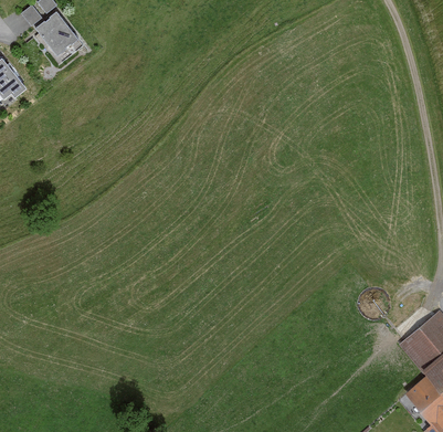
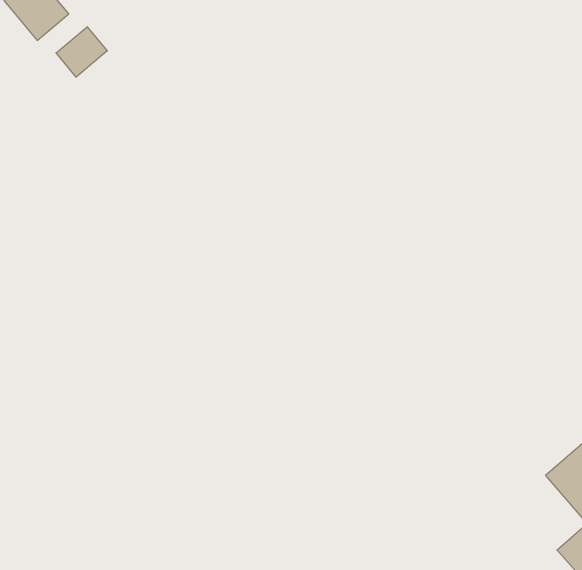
building: none -> [56,27,107,77]

